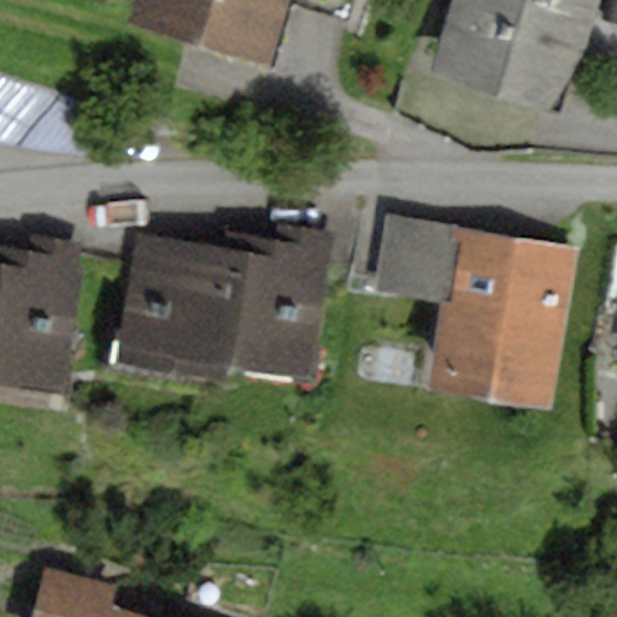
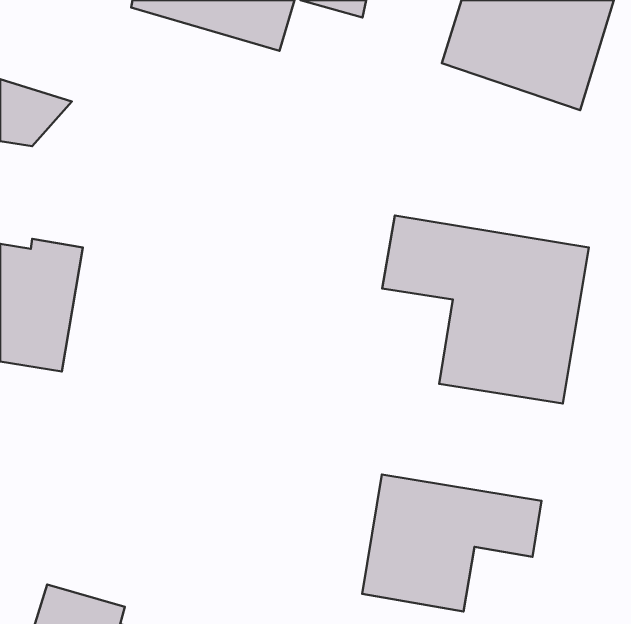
building: [119,229,331,375] -> none
building: none -> [362,474,541,611]

